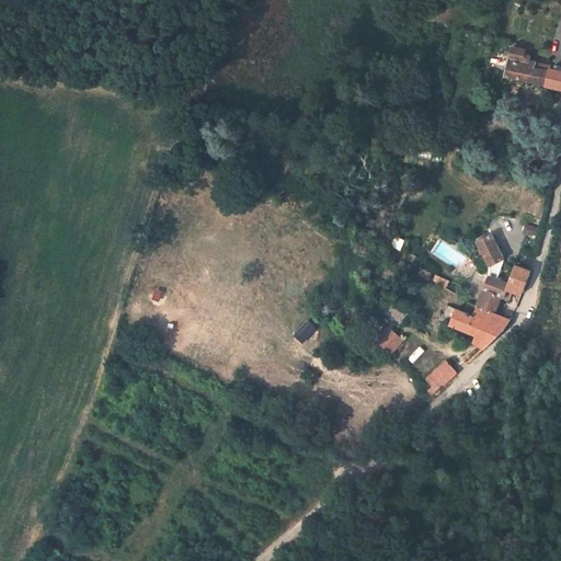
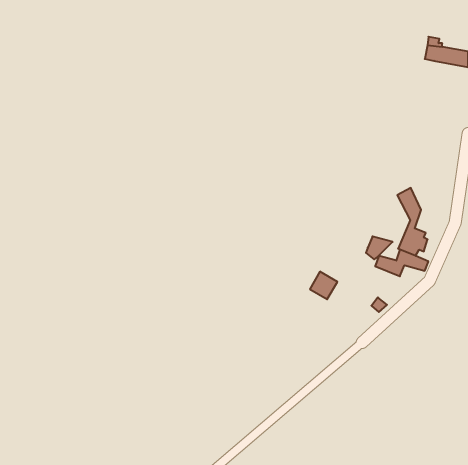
building: [505,264,529,295] -> none
building: [474,322,506,350] -> [366,236,393,259]

